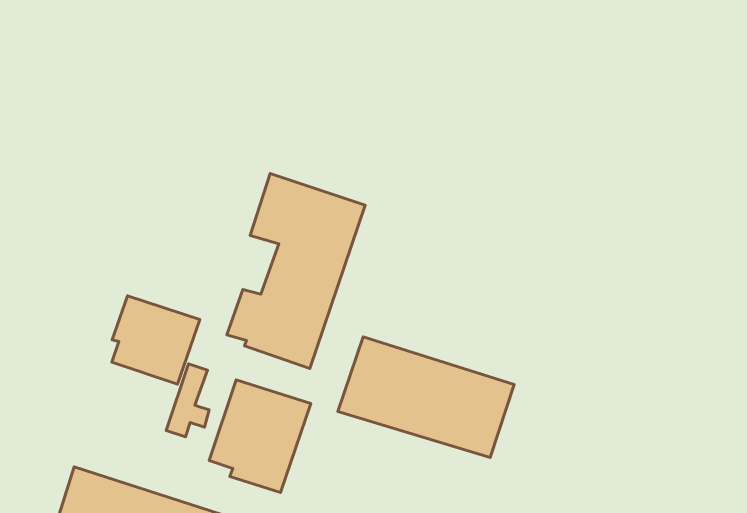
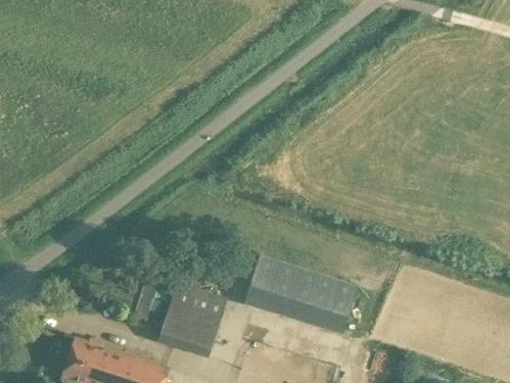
building: [227,173,365,368] -> none
building: [112,296,200,384] -> none

